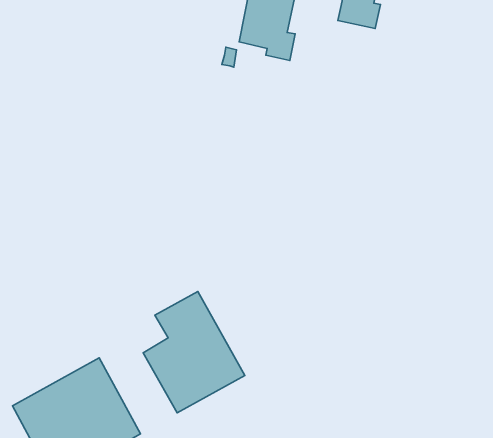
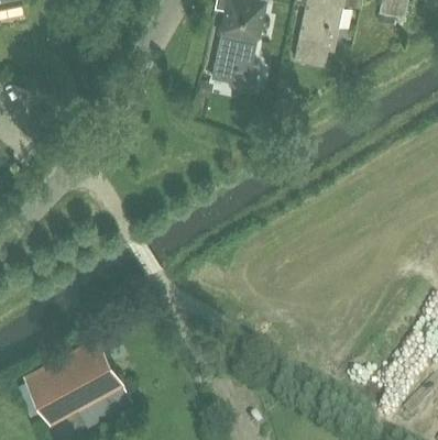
building: [143,292,245,413] -> none

